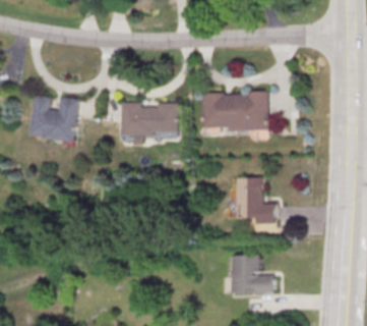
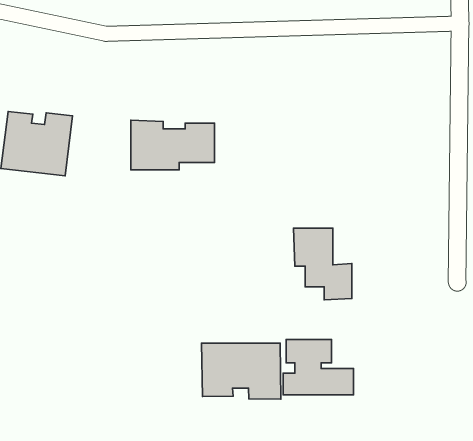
building: [201,91,268,130] -> none
building: none -> [202,343,281,399]

